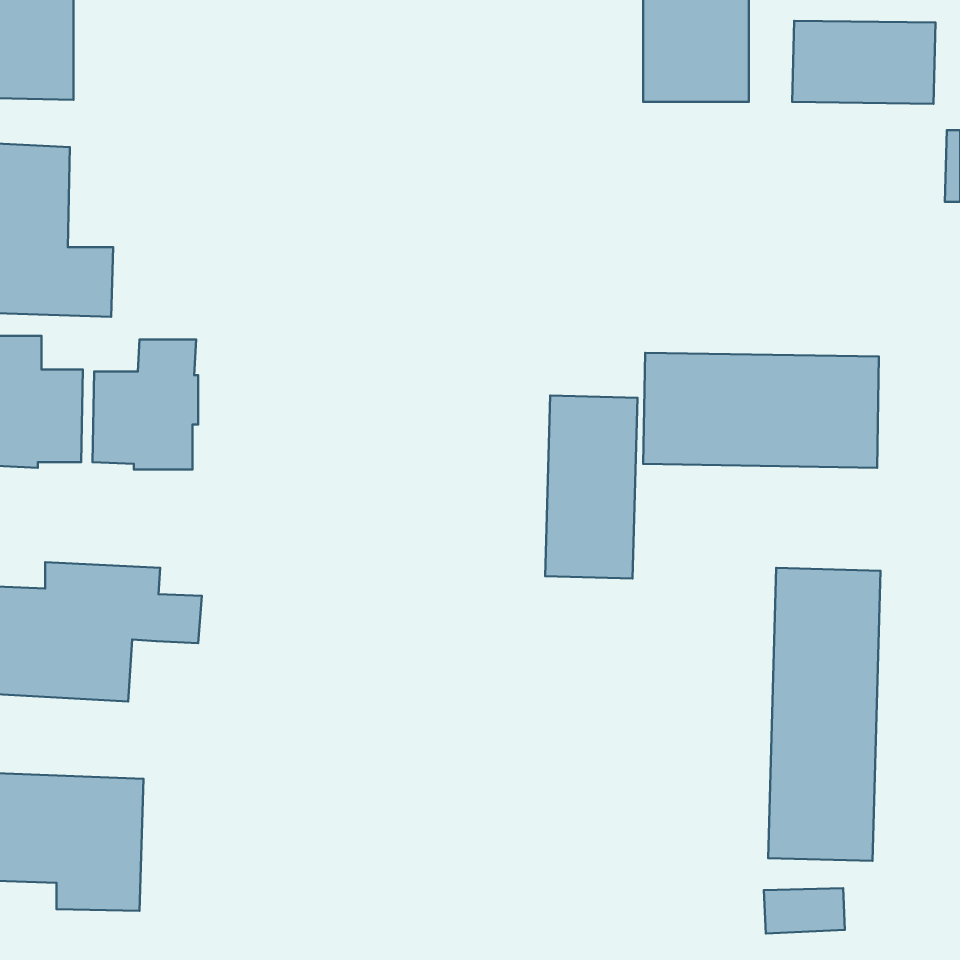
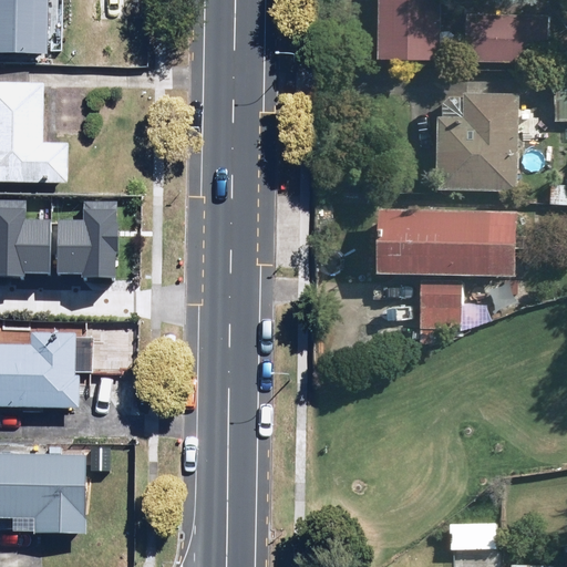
building: none -> [435,92,520,190]
building: [545,396,637,578] -> none
building: none -> [420,281,461,327]
building: [768,568,881,861] -> none

